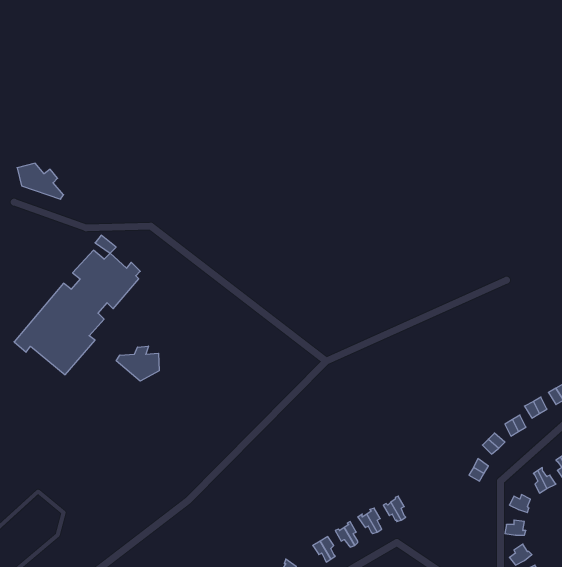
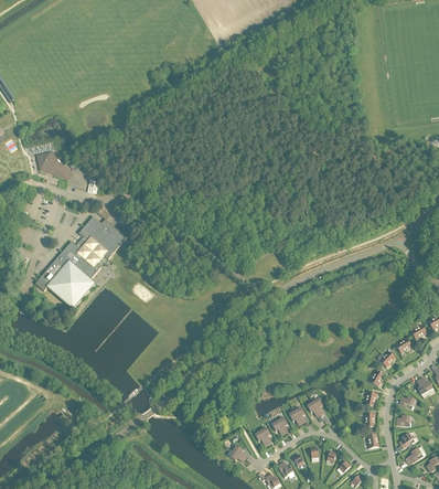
building: [116,346,159,381] -> none

